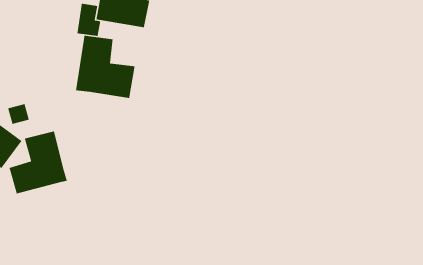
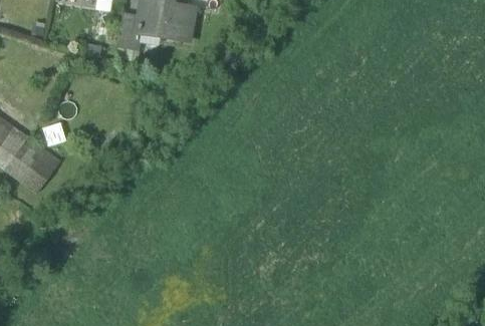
building: [75,35,135,99] -> none
building: [8,131,68,194] -> none

